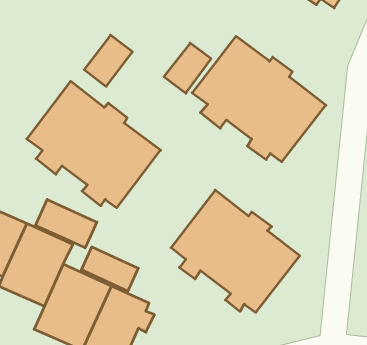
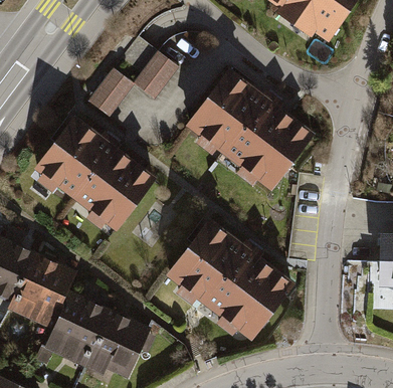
building: [164,43,211,93] -> [132,52,177,101]
building: [36,199,97,248] -> none
building: [81,247,138,291] -> none

